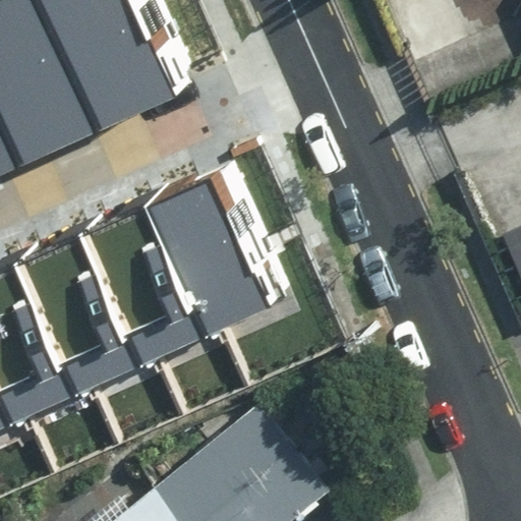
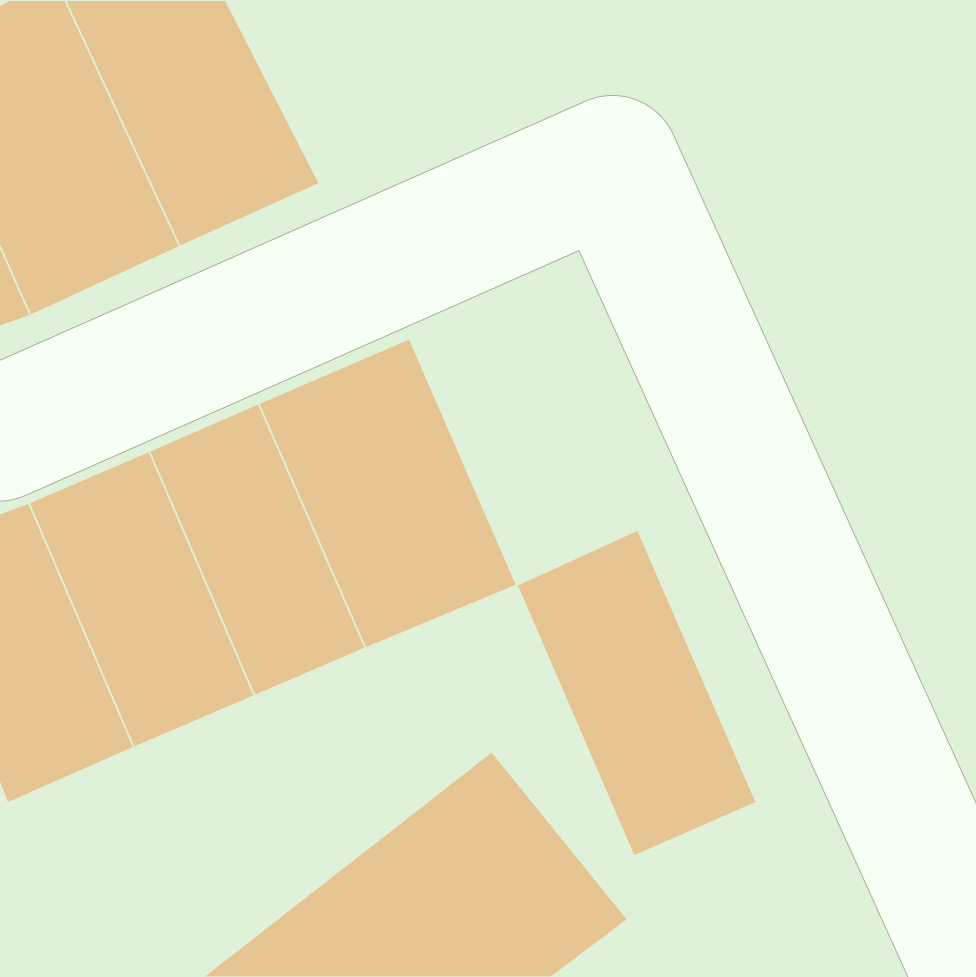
building: none -> [517,530,756,856]

